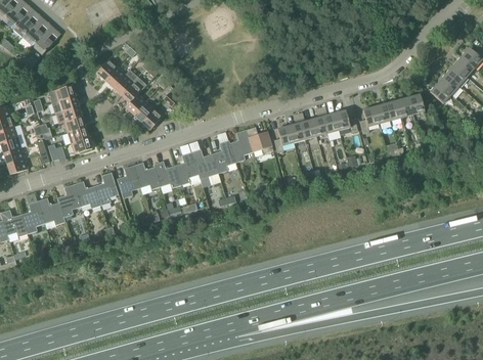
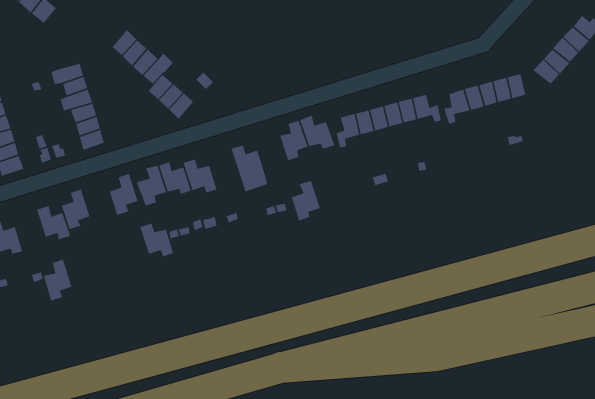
building: [213,139,236,172] -> [291,180,321,221]
building: [175,151,199,184] -> none
building: [74,180,101,208] -> [139,222,174,257]
building: [21,199,45,233] -> [43,259,73,301]

